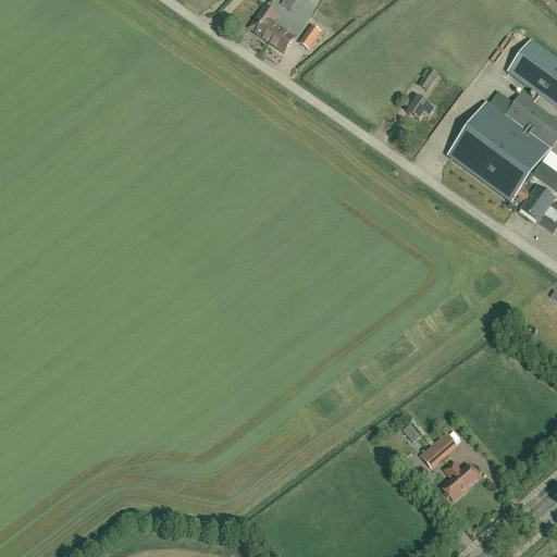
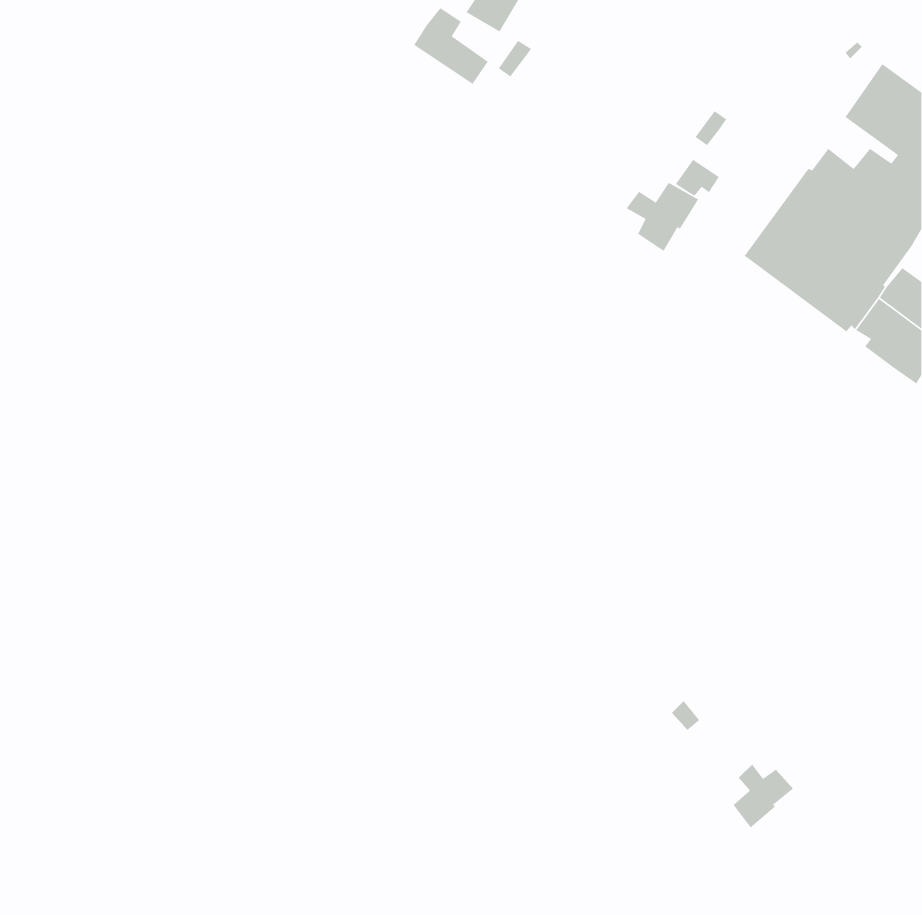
building: none -> [626,182,699,252]
building: [421,432,457,466] -> none

